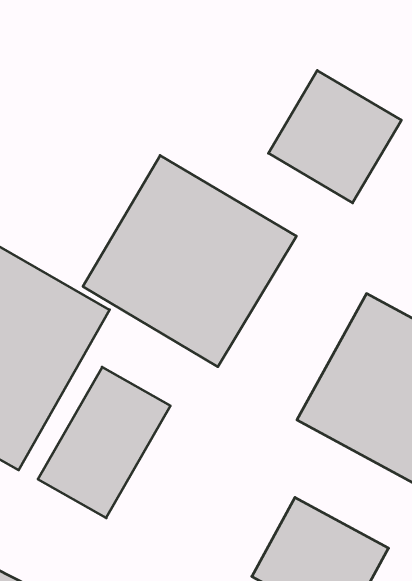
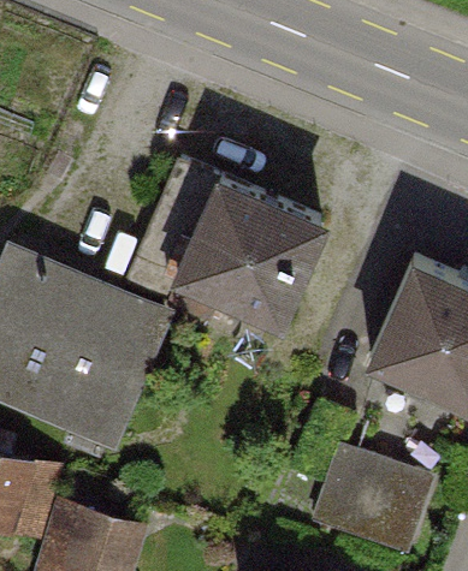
building: [268,70,401,203] -> none
building: [38,367,170,518] -> none

